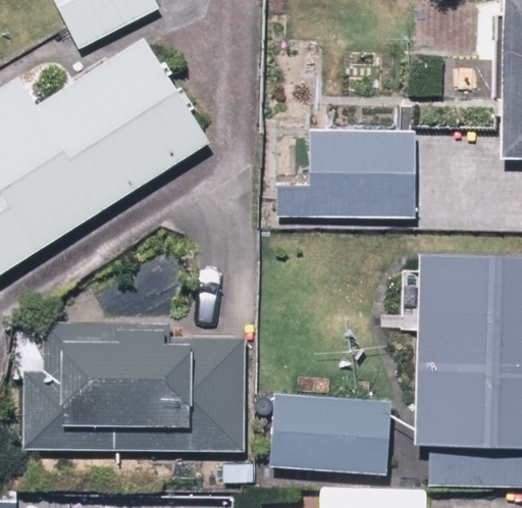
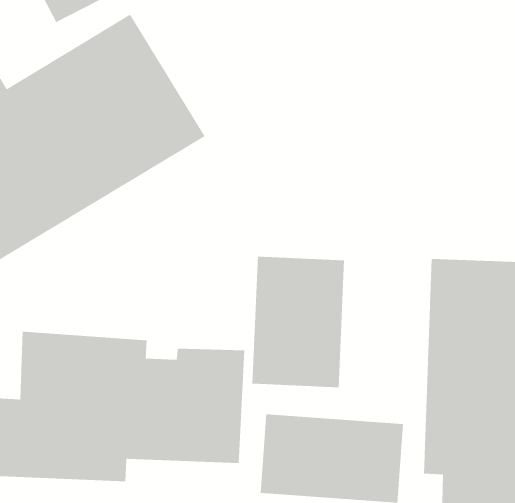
building: [274,126,420,222] -> none
building: none -> [252,256,345,388]

